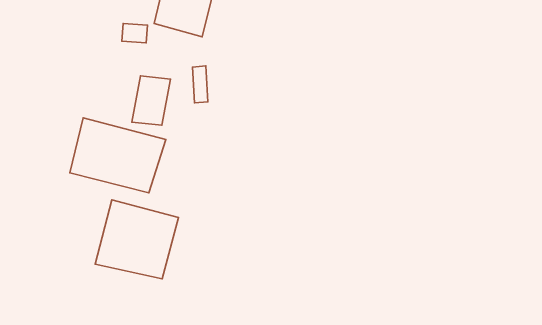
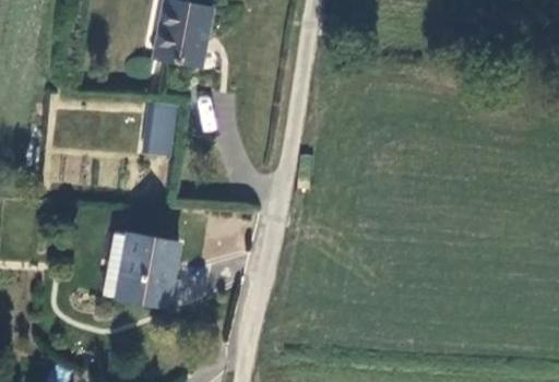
building: [70,118,166,193] -> none

